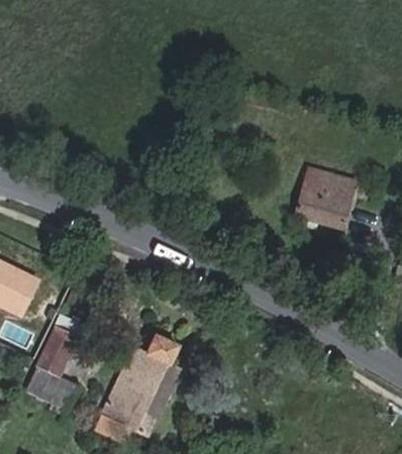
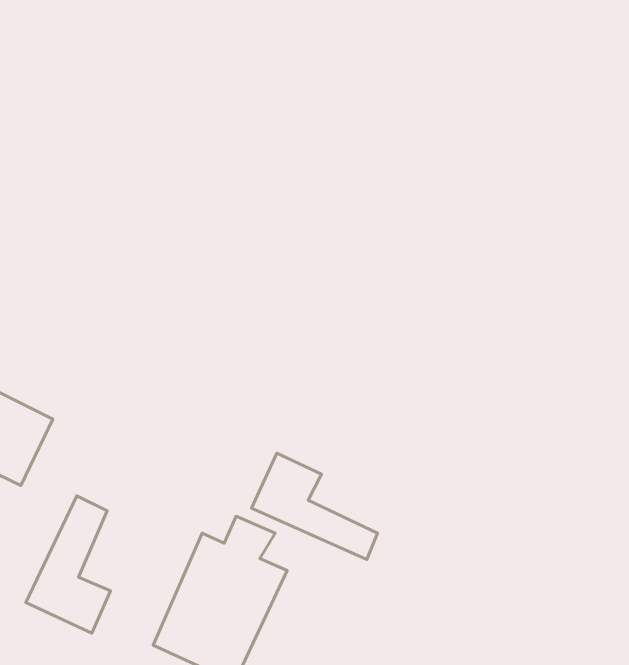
building: [300,168,356,233] -> none
building: none -> [252,453,378,560]

